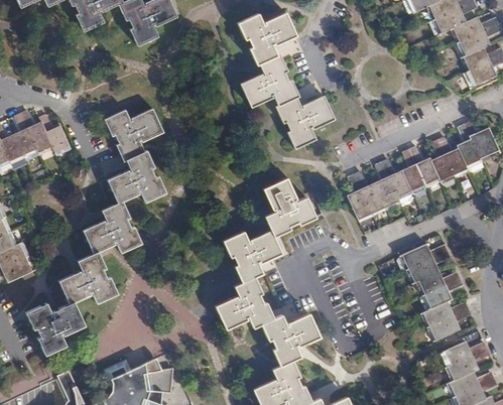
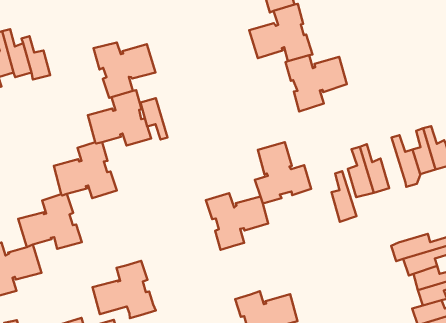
building: none -> [141,98,168,140]
building: [375,161,400,207] -> [331,171,356,222]
building: [216,276,275,328] -> [92,261,156,318]

